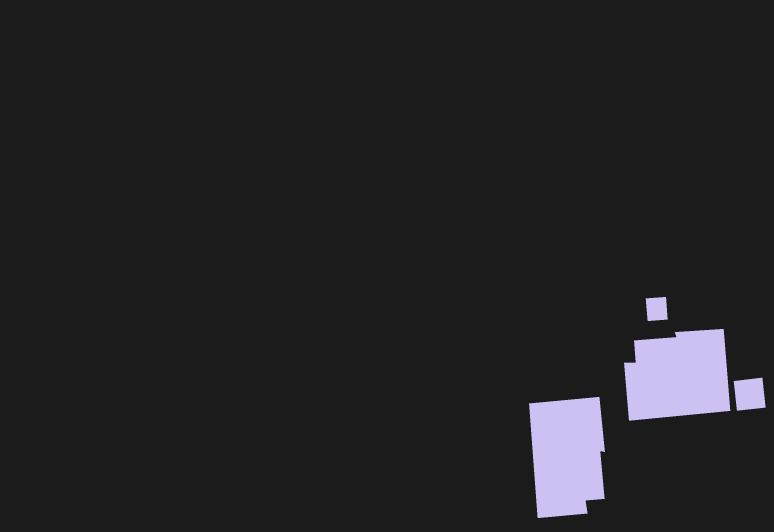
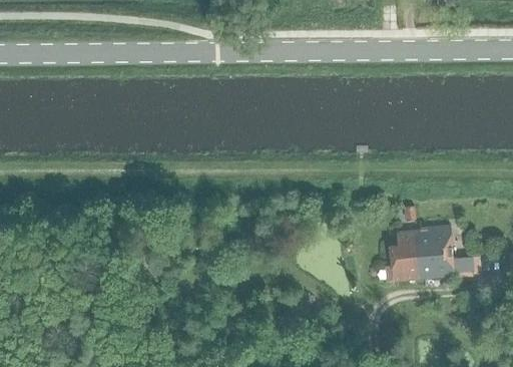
building: [528,396,605,519] -> none

